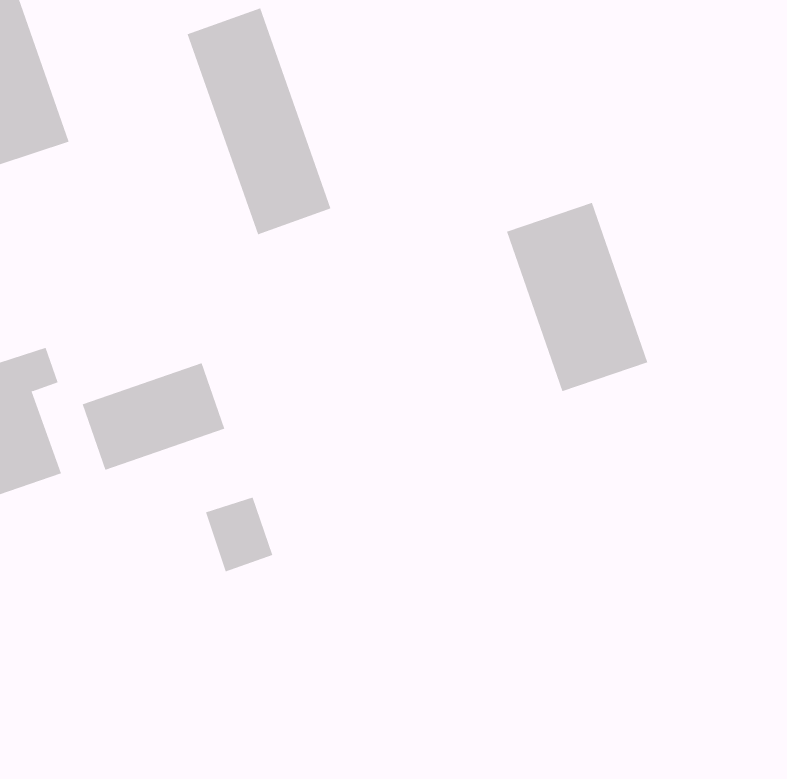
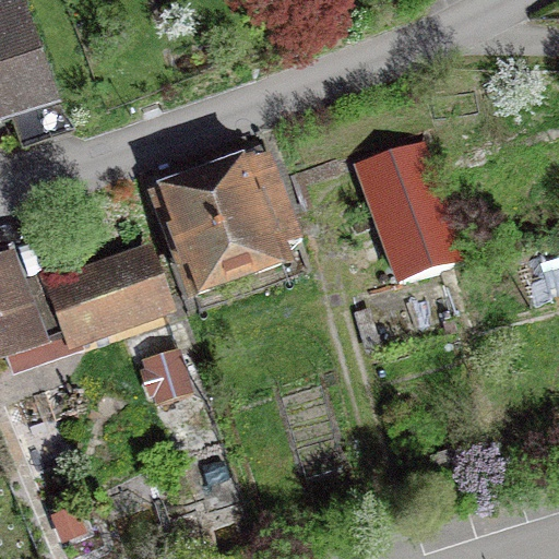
building: [187,7,331,235] -> none
building: none -> [154,152,306,293]

